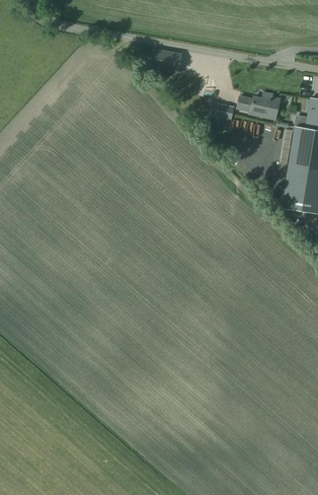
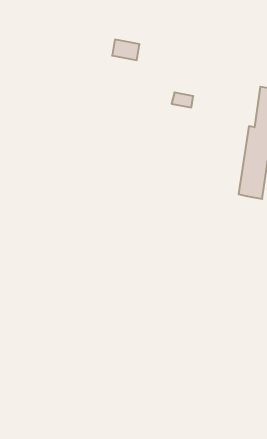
building: [237,91,281,119] -> none

